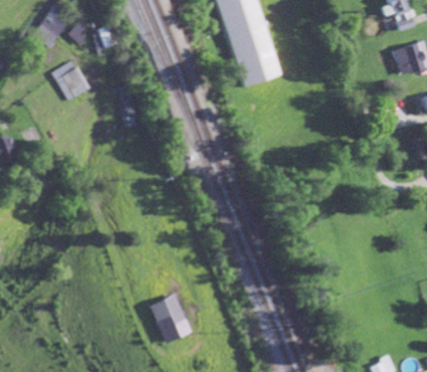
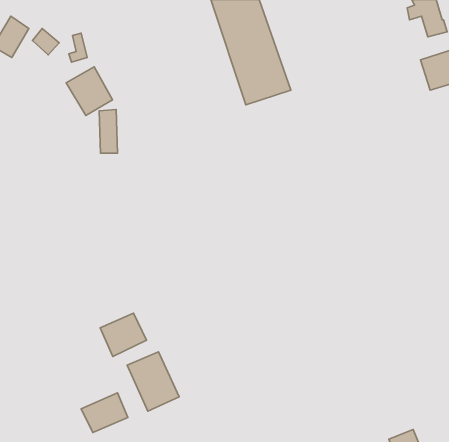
building: [54,60,92,101] -> [66,67,112,115]
building: none -> [100,313,146,356]
building: none -> [81,393,128,432]

